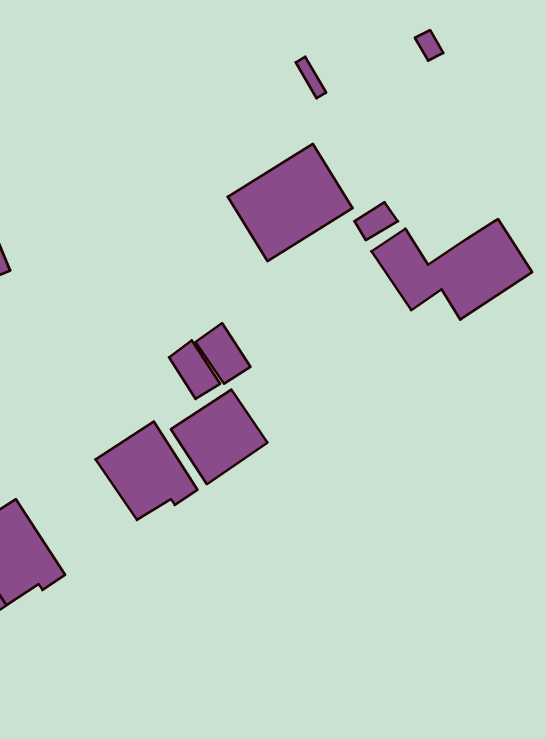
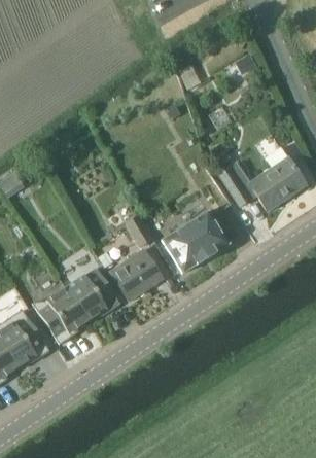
building: [228,144,353,261] -> [161,209,229,273]
building: none -> [35,287,91,344]

